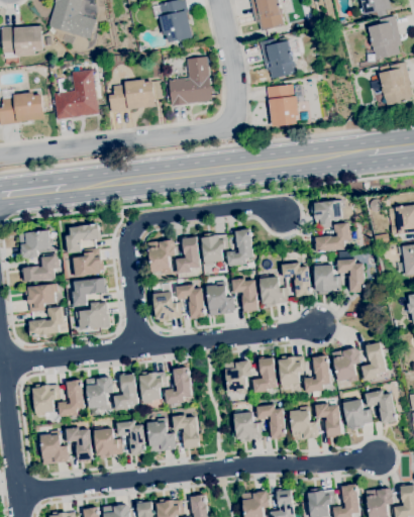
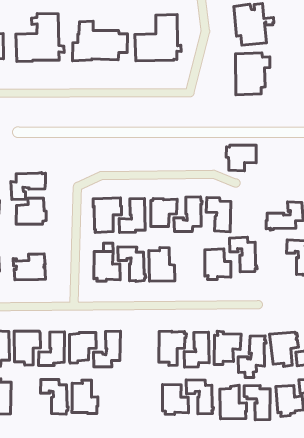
building: [311,201,341,228] -> [226,145,256,171]
building: [314,266,341,294] -> none
building: [73,279,106,305] -> none
building: [232,279,258,311] -> [206,198,231,232]
building: [173,415,199,448] -> none
building: [94,428,122,459] -> none

